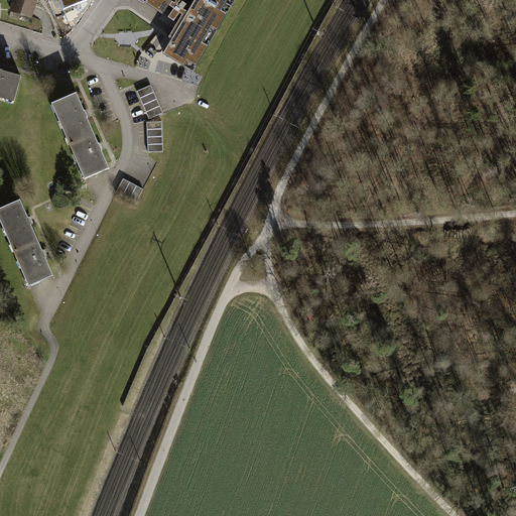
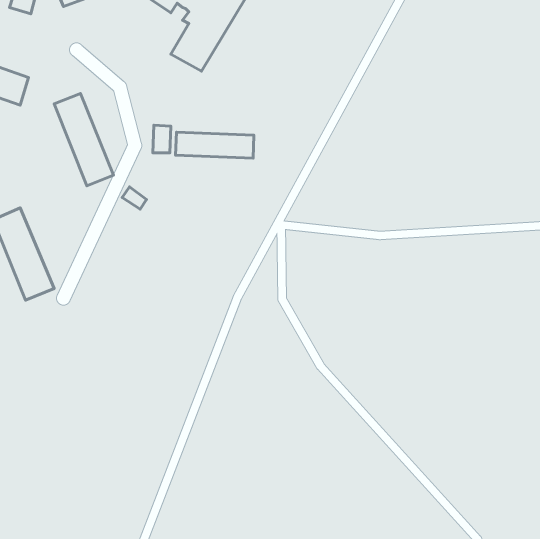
building: [135,83,161,116] -> none
building: none -> [176,132,254,158]

